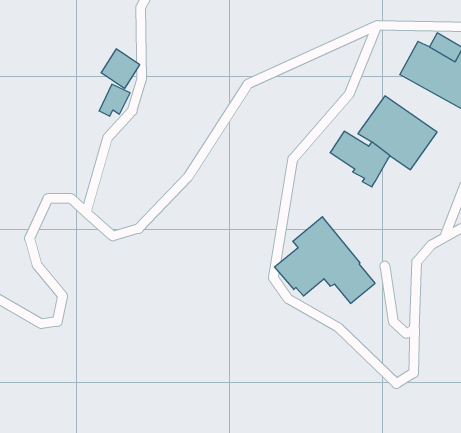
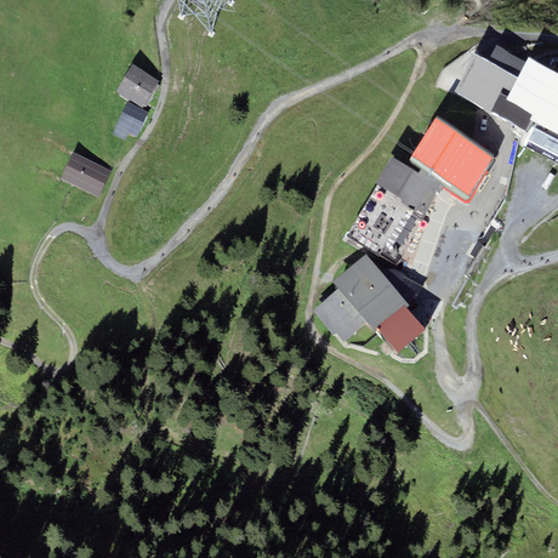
building: none -> [59,153,110,198]

